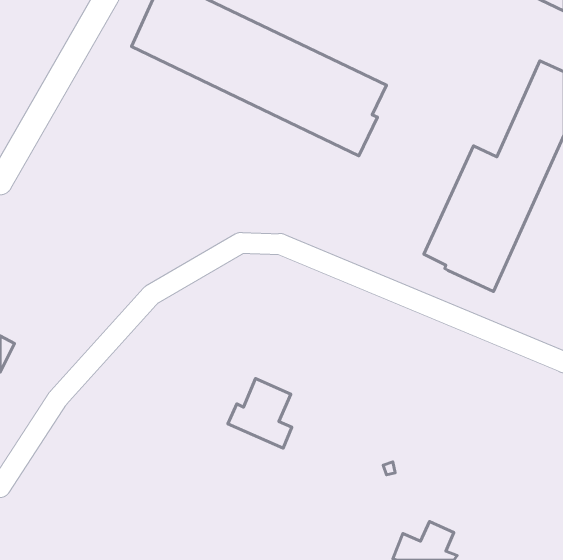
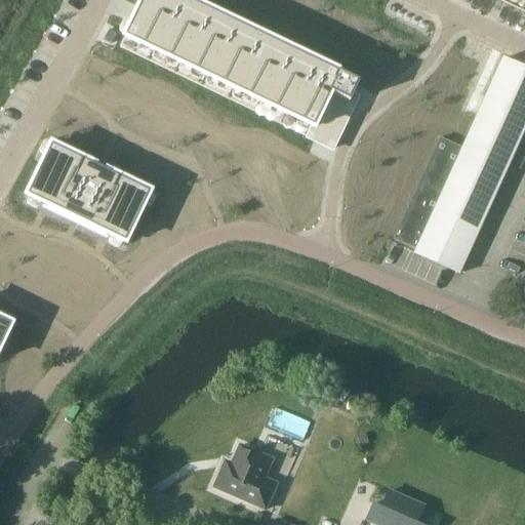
building: none -> [30,140,153,238]
building: [228,379,292,448] -> [214,442,274,507]

